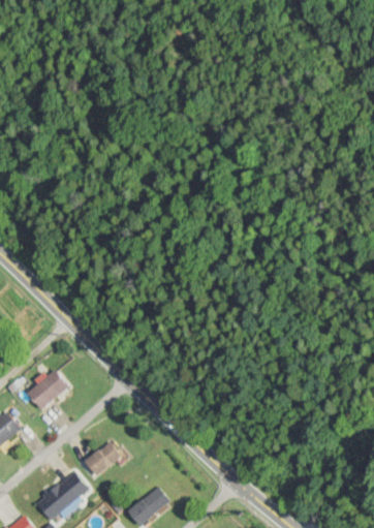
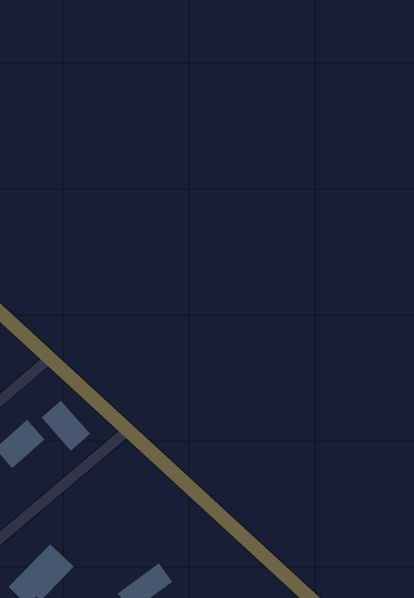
building: none -> [41,400,91,451]
building: [84,440,122,478] -> none

